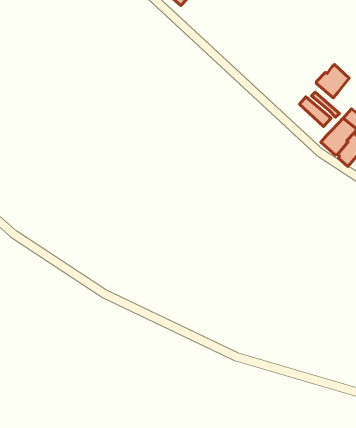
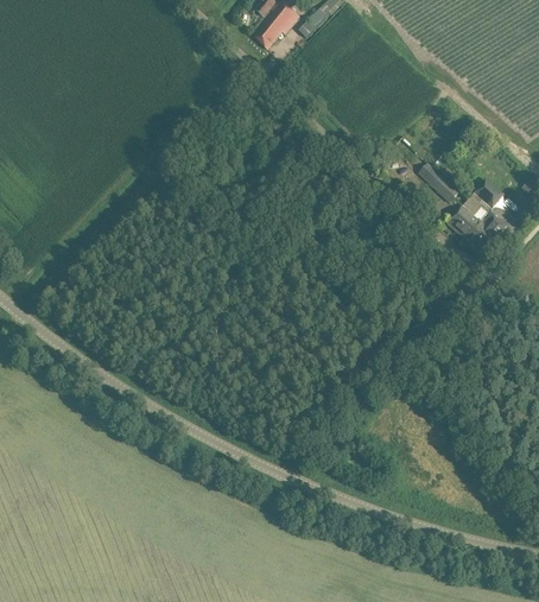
building: [316,64,349,98] -> none

